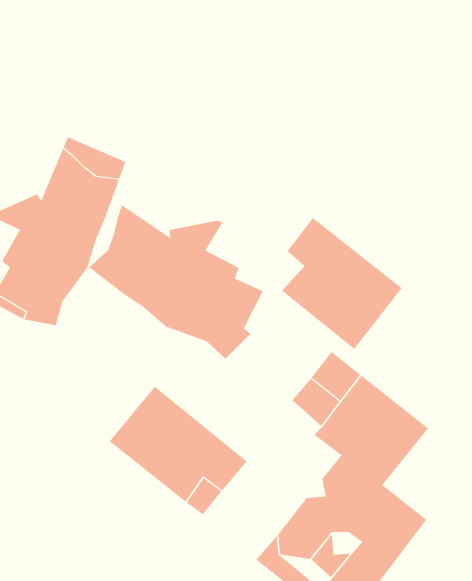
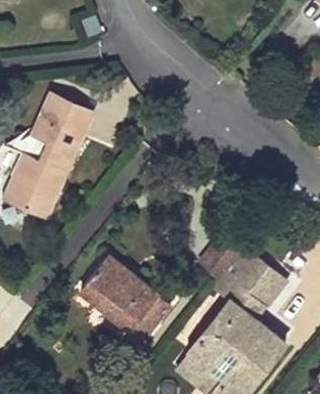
building: [88,204,264,360] -> none
building: [281,217,403,350] -> none

